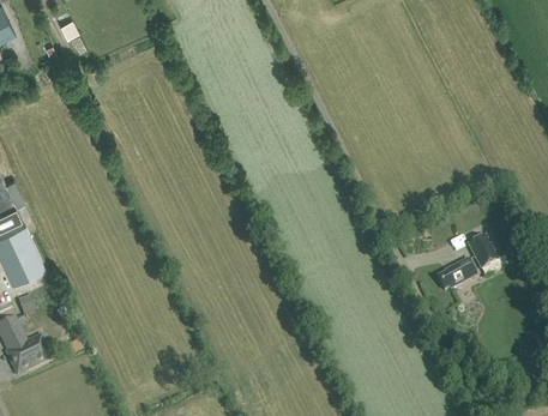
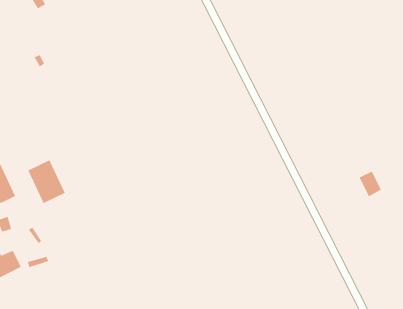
building: none -> [27,159,66,204]
building: [436,263,475,293] -> none

